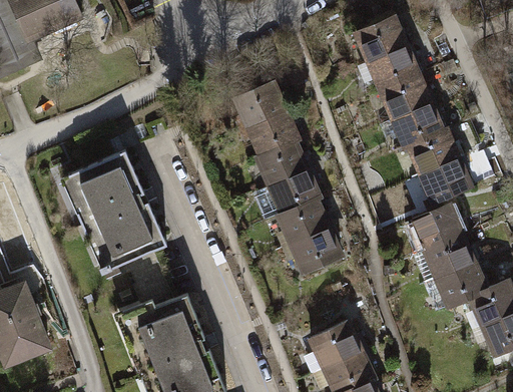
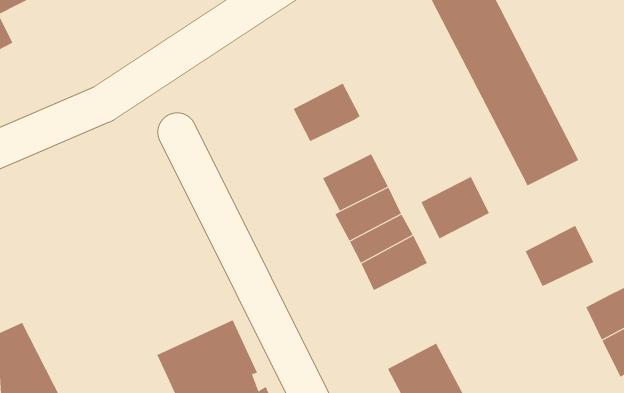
building: [232,80,287,128] -> none
building: [253,140,306,184] -> none
building: [70,148,167,271] -> none
building: [409,204,463,252] -> [421,176,490,239]
building: [434,264,487,308] -> none

